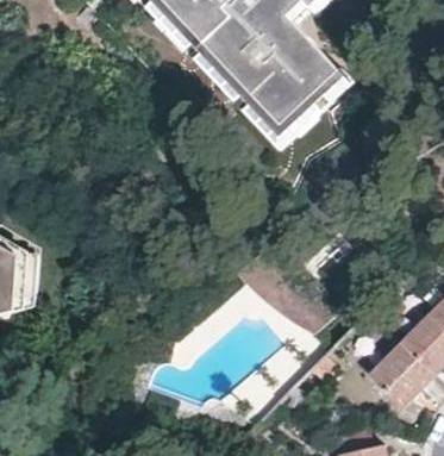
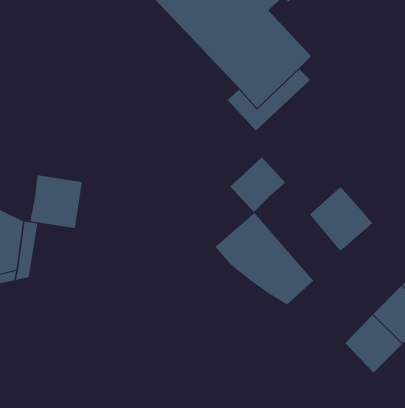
building: none -> [229,156,286,213]
building: none -> [30,175,83,229]
building: none -> [309,186,373,252]

